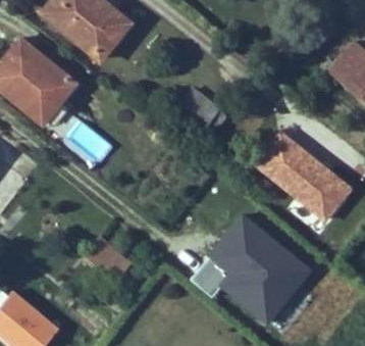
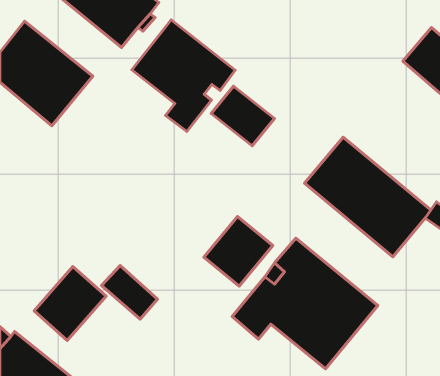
building: none -> [132,20,235,131]
building: none -> [204,217,273,286]
building: none -> [34,266,106,341]

